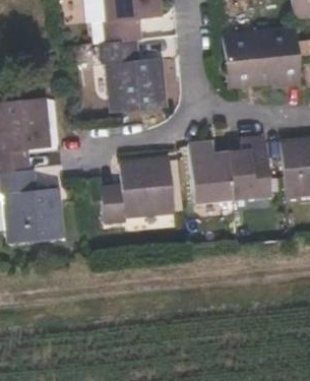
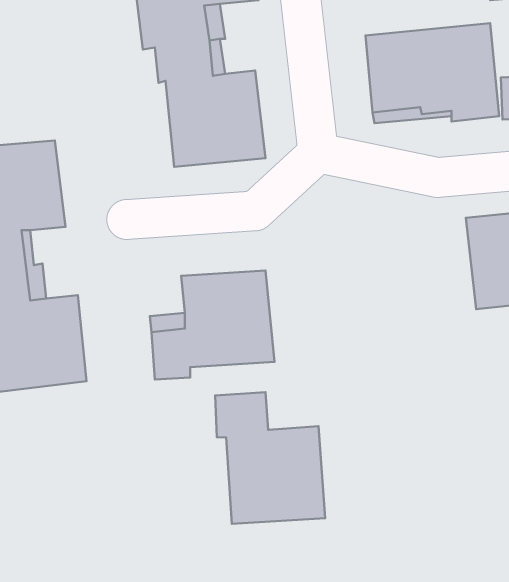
building: [189,136,270,201] -> none
building: none -> [215,392,325,524]

